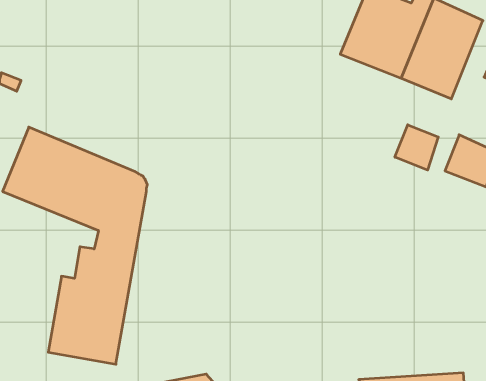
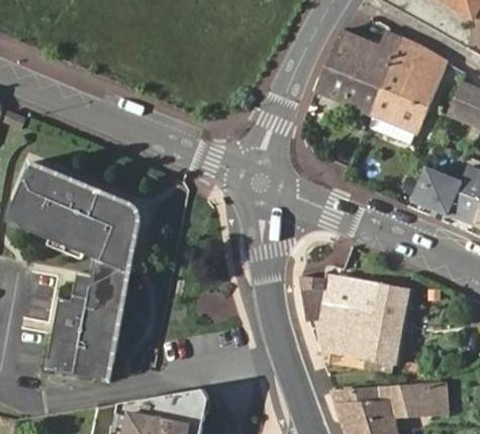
building: [395,125,438,170] -> none
building: none -> [301,275,409,373]

